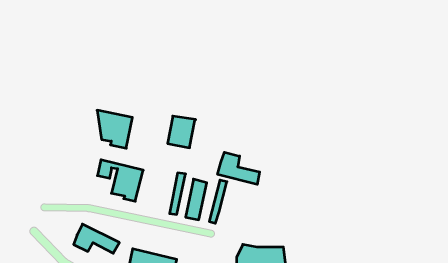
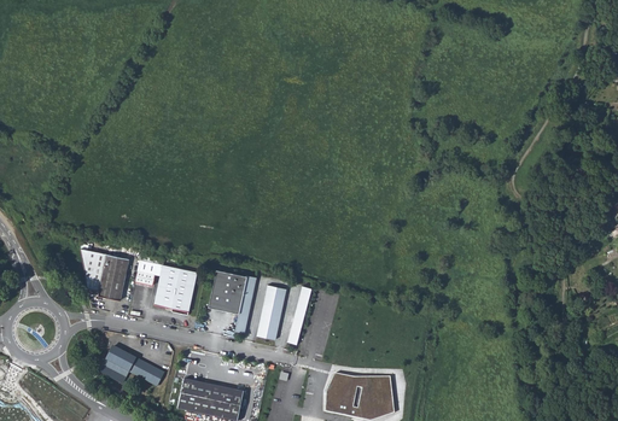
building: [97,110,132,148] -> [81,248,129,300]
building: [168,116,196,148] -> [208,269,246,312]
building: [218,152,260,184] -> none

